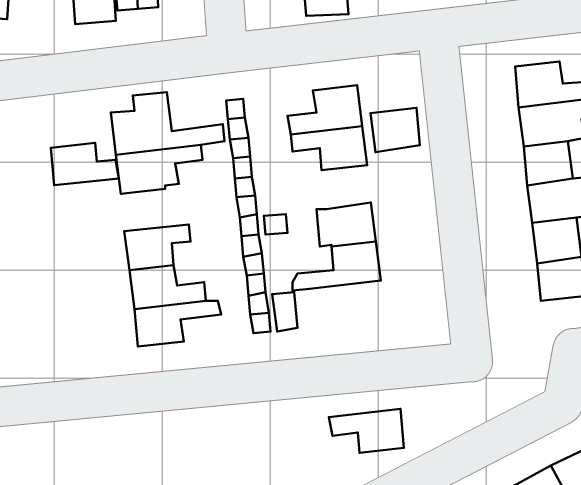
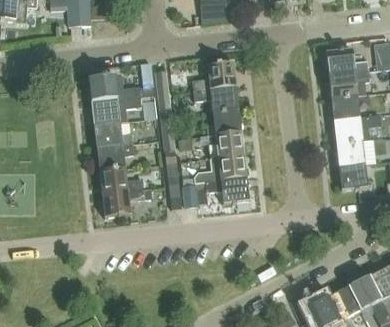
building: [370,108,420,152] -> [212,109,241,135]
building: [51,143,119,185] -> [94,123,134,148]
building: [329,409,404,453] -> [205,177,249,203]

